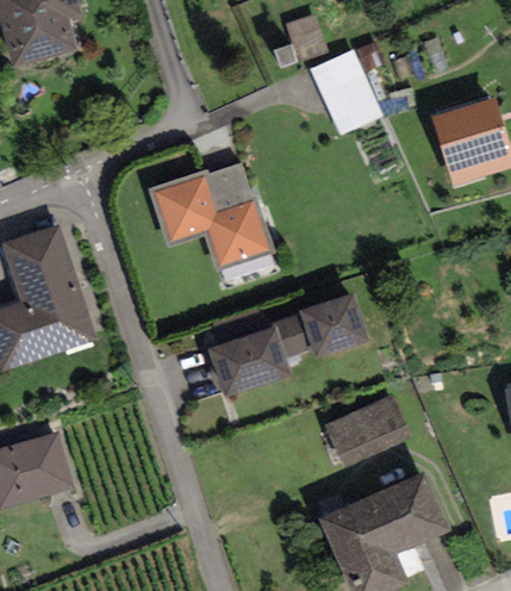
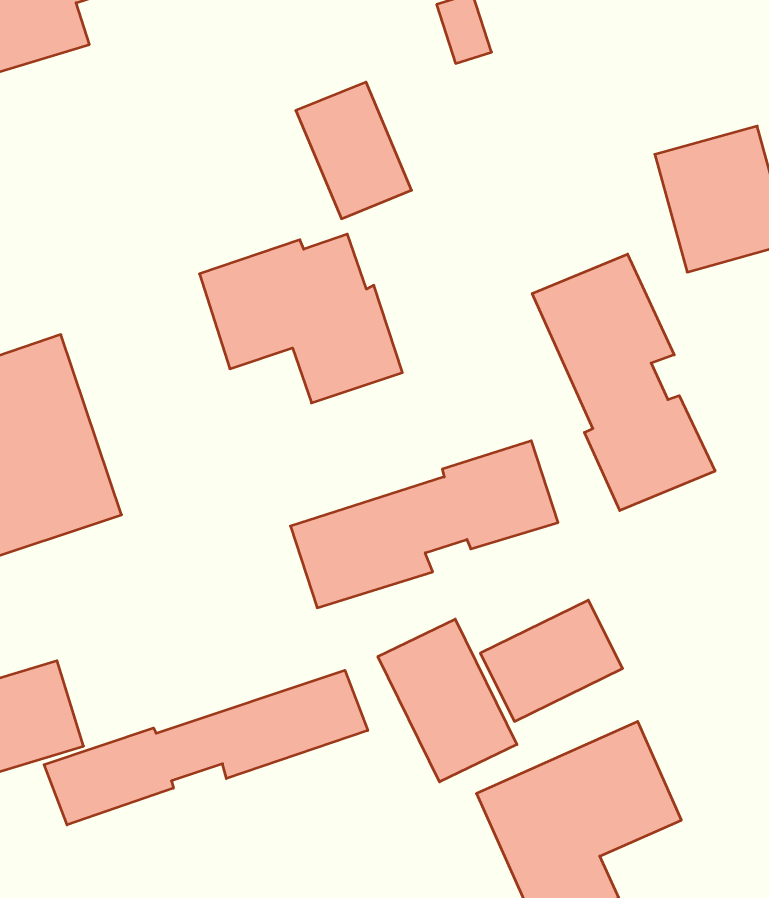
building: [312,46,385,132] -> [296,82,412,219]
building: none -> [532,254,715,511]
building: none -> [378,619,517,782]
building: none -> [44,670,368,825]

